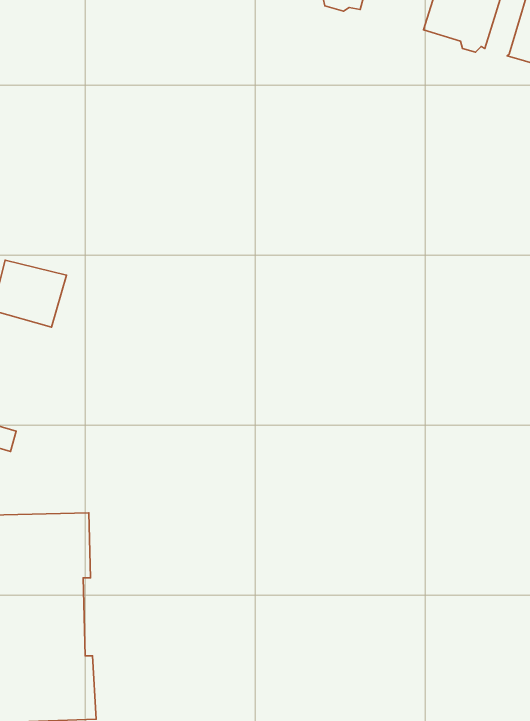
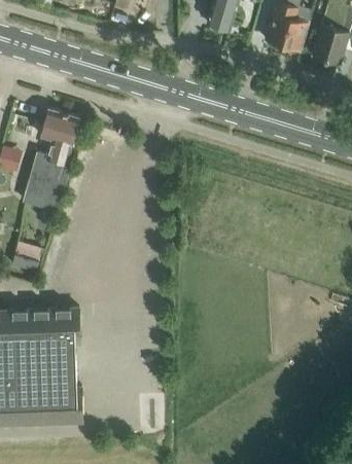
building: none -> [40,109,79,164]

